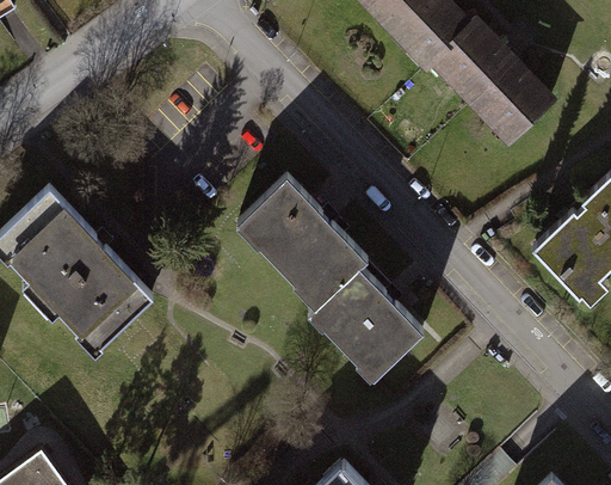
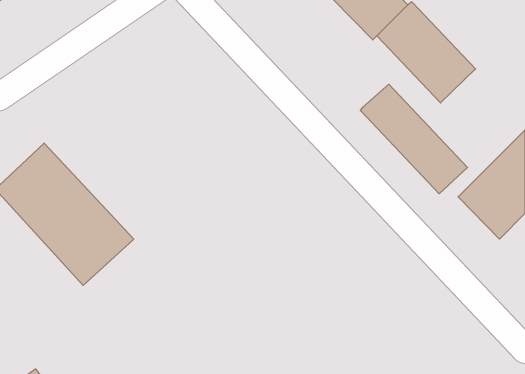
building: none -> [360,84,468,194]
building: [236,178,425,385] -> none

